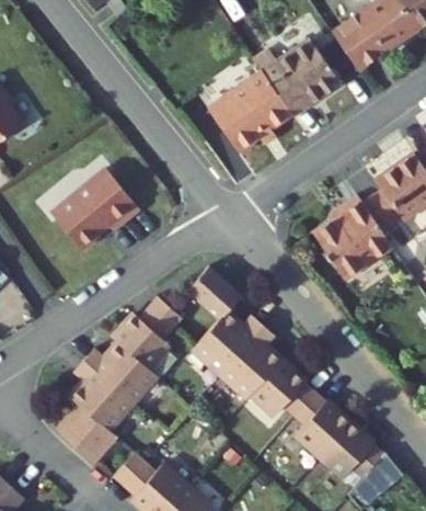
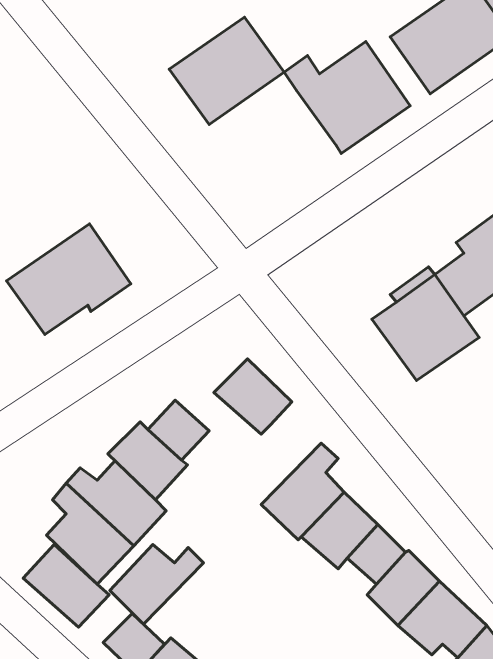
building: [199,77,281,154] -> [169,17,284,124]
building: [204,316,270,373] -> [110,544,204,624]

